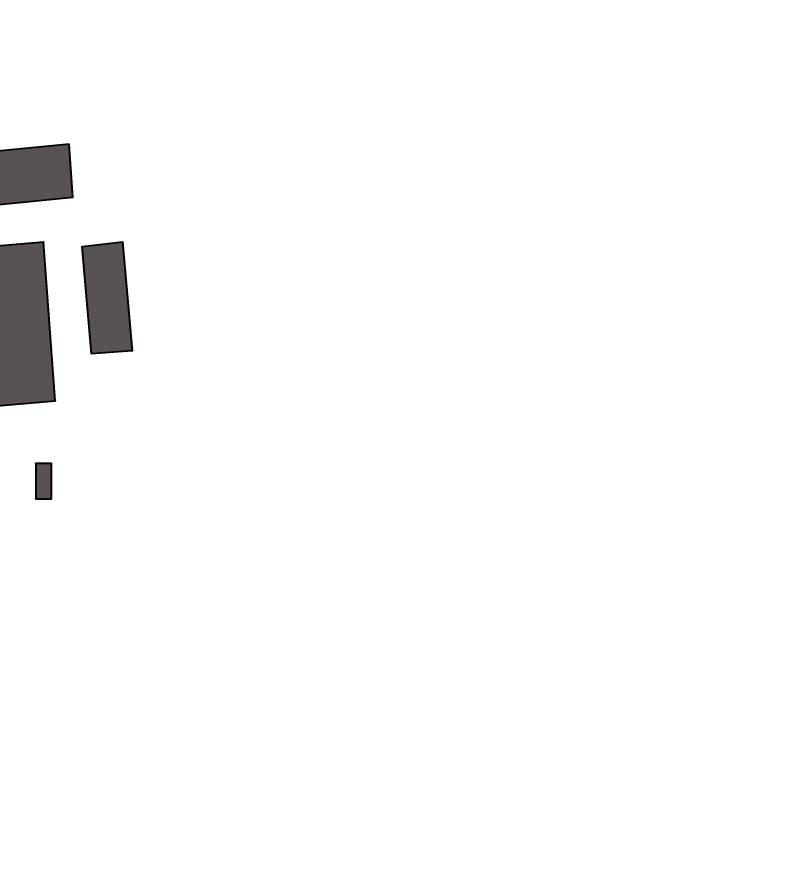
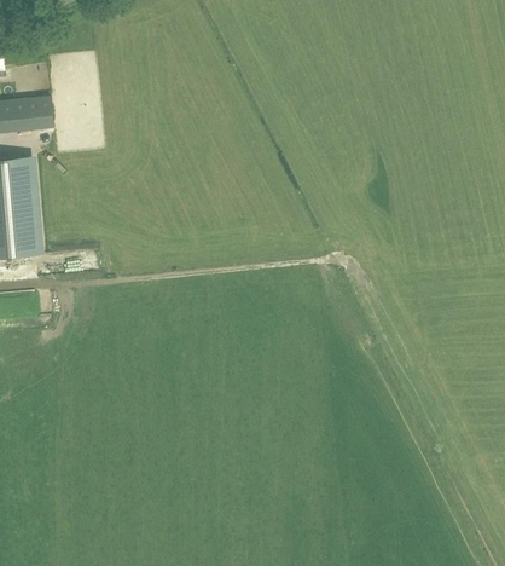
building: [82,242,132,354] -> none

